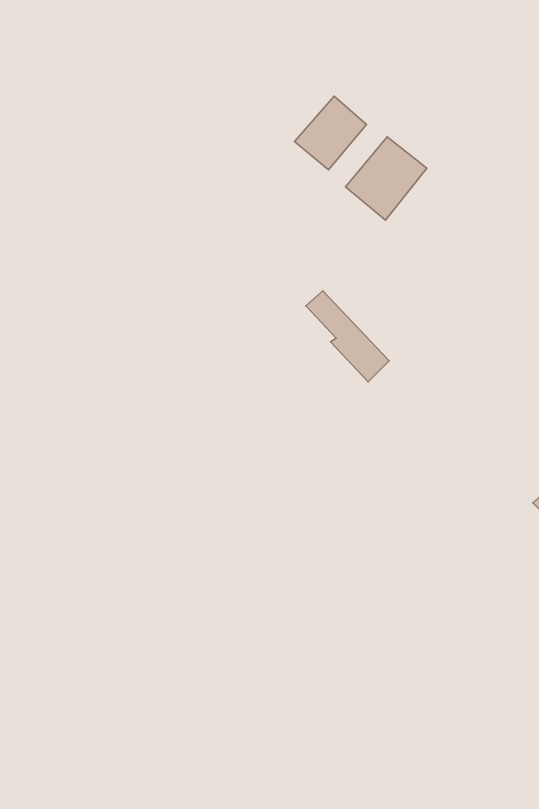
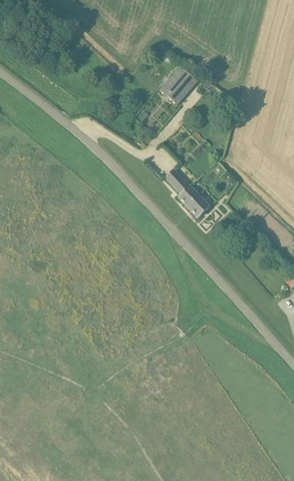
building: [346,137,427,220] -> none

